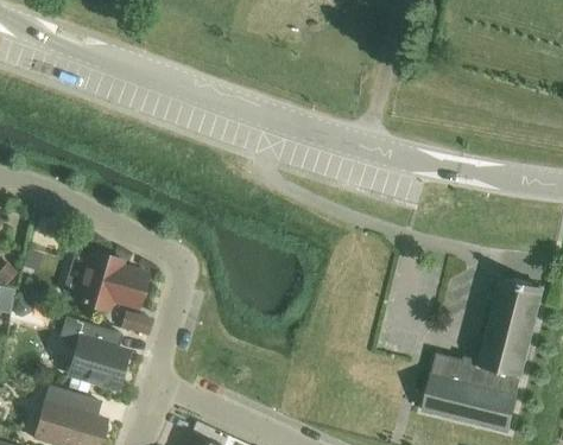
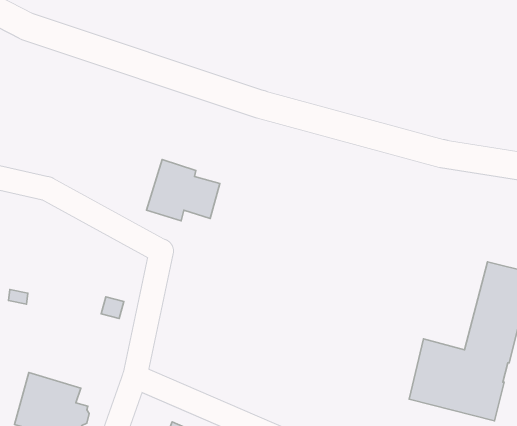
building: [75,249,147,310] -> [146,160,220,221]
building: [61,317,127,387] -> none

